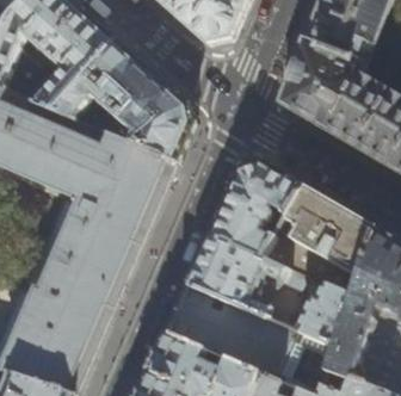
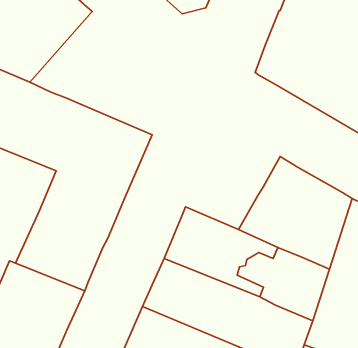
building: [50,41,189,163] -> none
building: [205,161,300,258] -> none
building: [295,285,348,348] -> none

